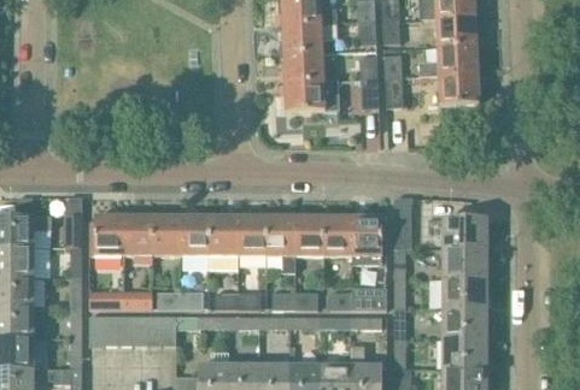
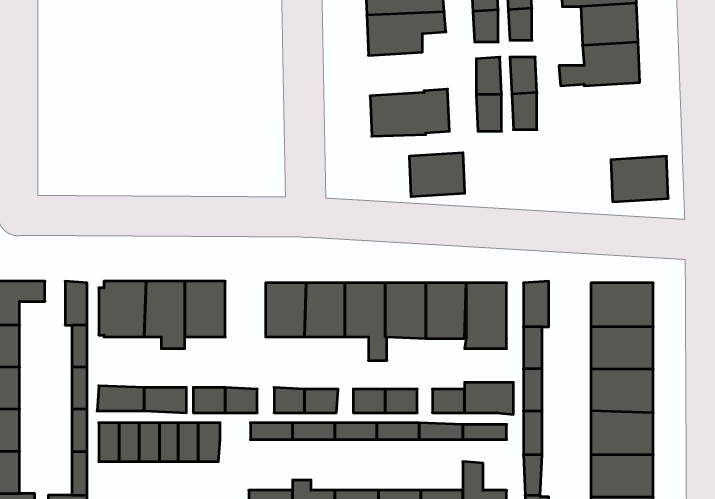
building: [282,52,322,83] -> [409,153,465,197]
building: [437,73,478,106] -> [611,156,668,202]
building: [180,215,209,255] -> none

